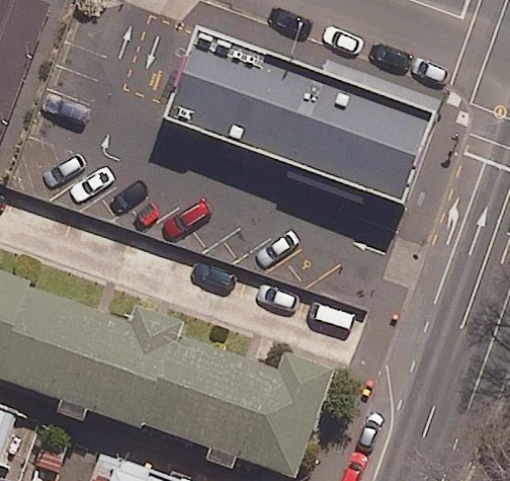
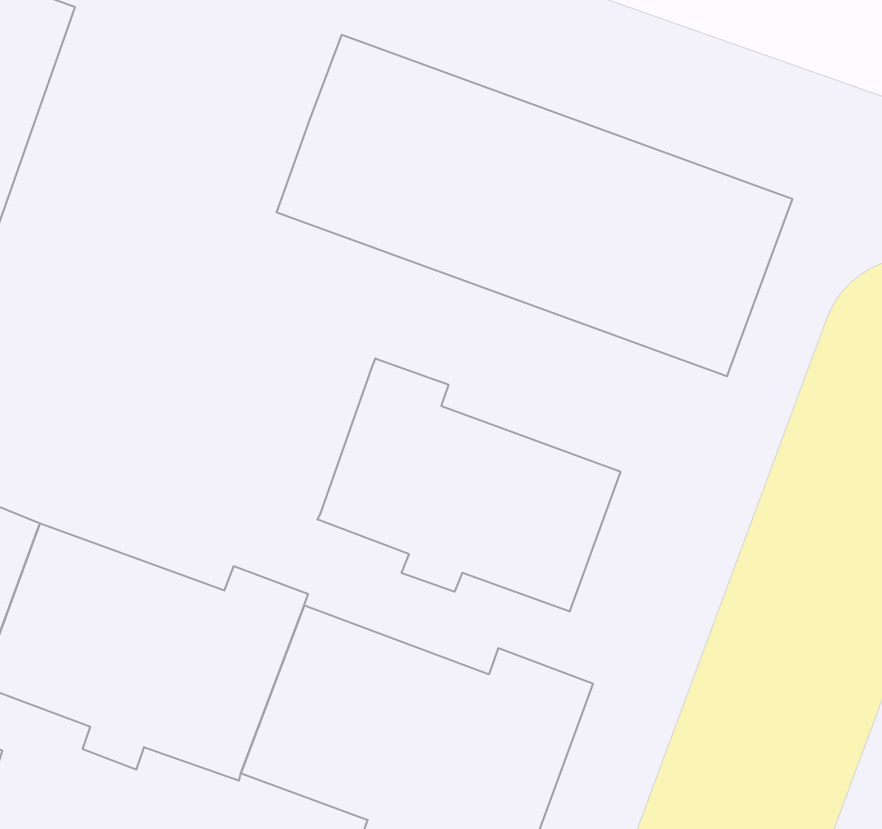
building: none -> [317,358,620,612]

